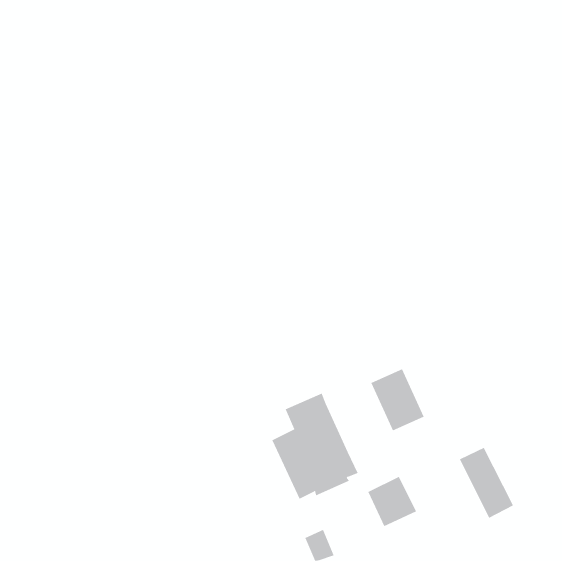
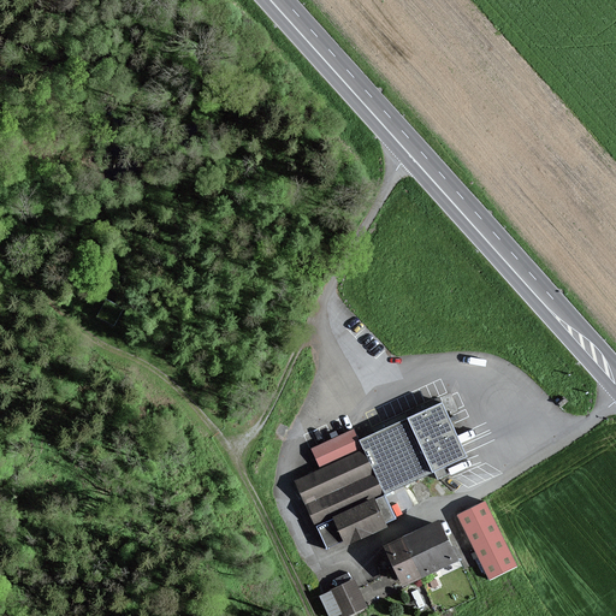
building: none -> [357,419,430,494]
building: [459,447,514,519] -> [456,502,516,580]
building: none -> [380,538,420,586]

